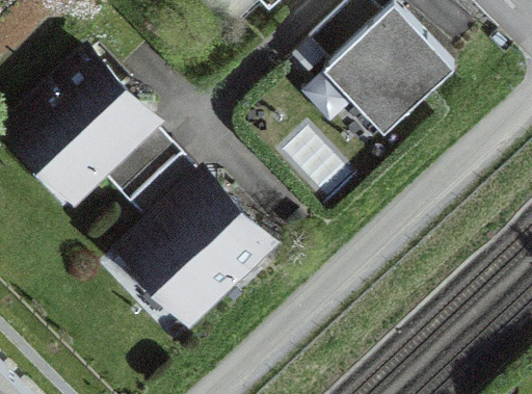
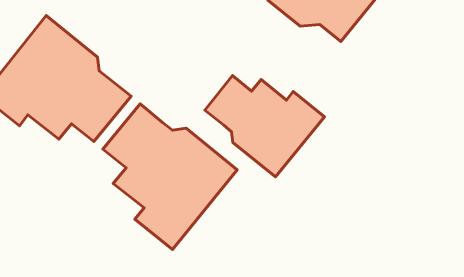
building: none -> [205,76,324,177]

